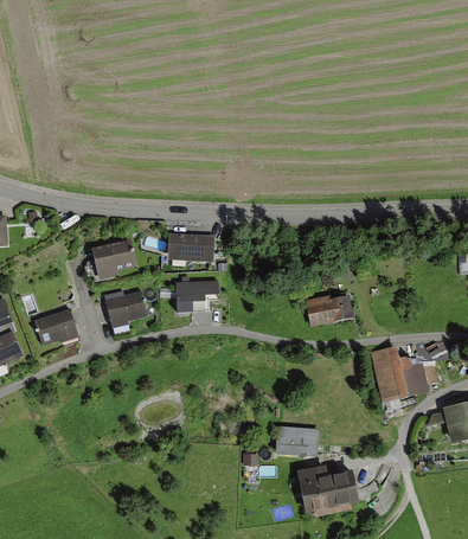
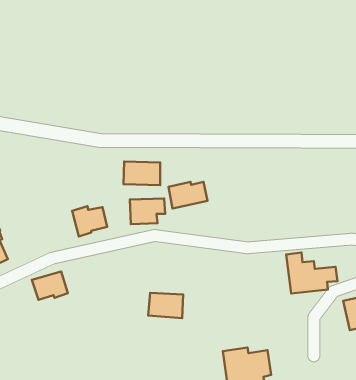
building: [91,239,136,278] -> none
building: [304,294,353,327] -> [169,182,207,209]
building: [33,308,78,344] -> [32,271,68,300]
building: [275,425,319,457] -> [148,293,183,318]

